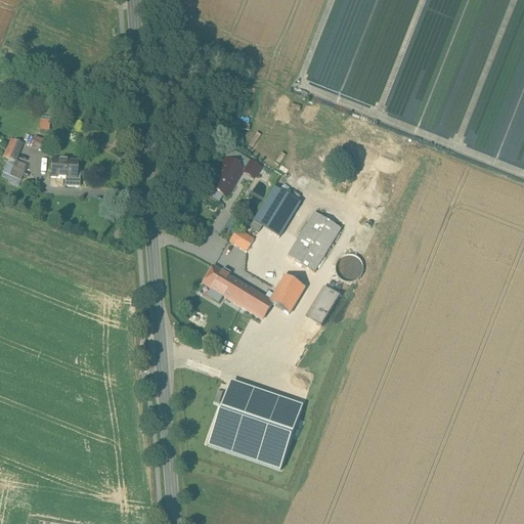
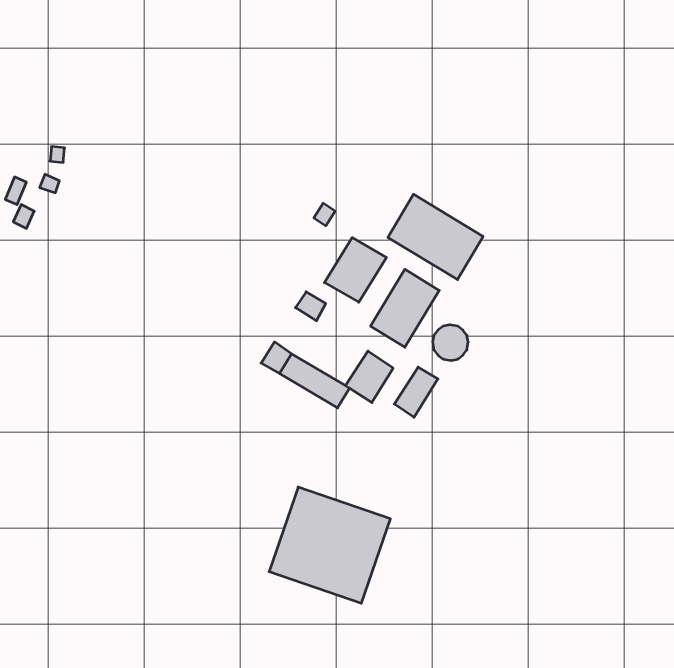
building: none -> [388,194,483,280]
building: [210,156,244,193] -> none
building: [51,158,80,183] -> none

